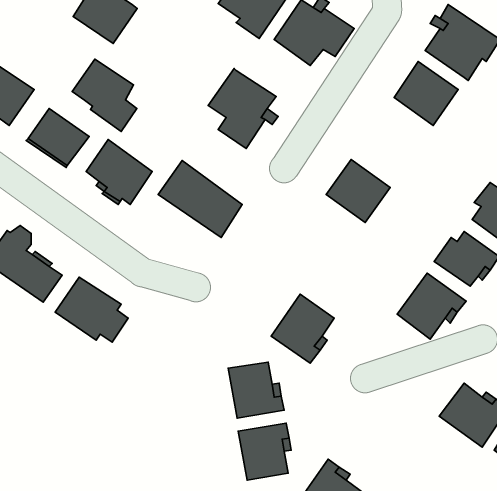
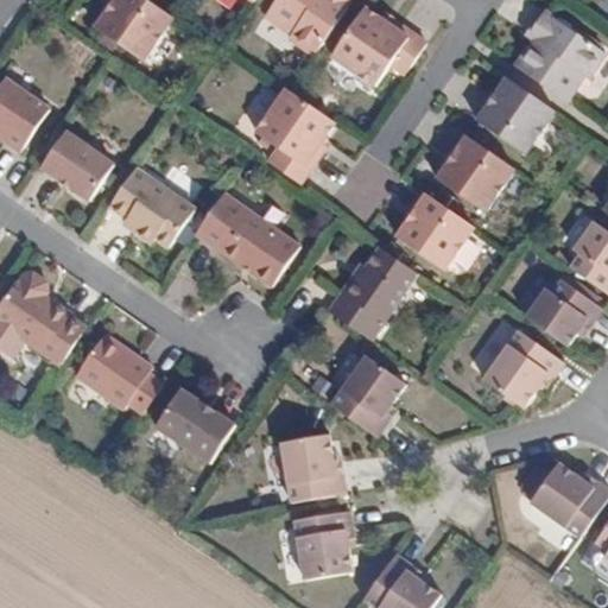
building: [72,59,137,131] -> none
building: none -> [436,134,512,210]
building: none -> [328,245,417,340]
building: none -> [157,387,236,461]

